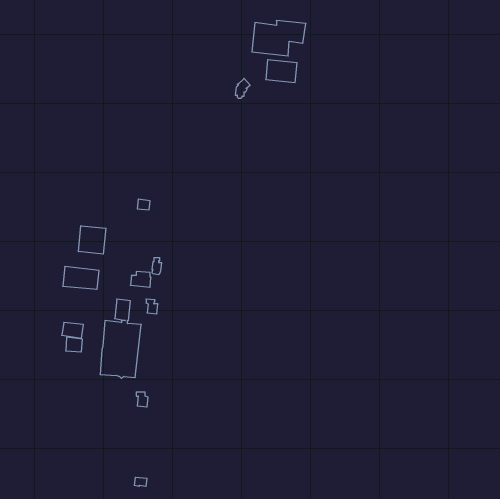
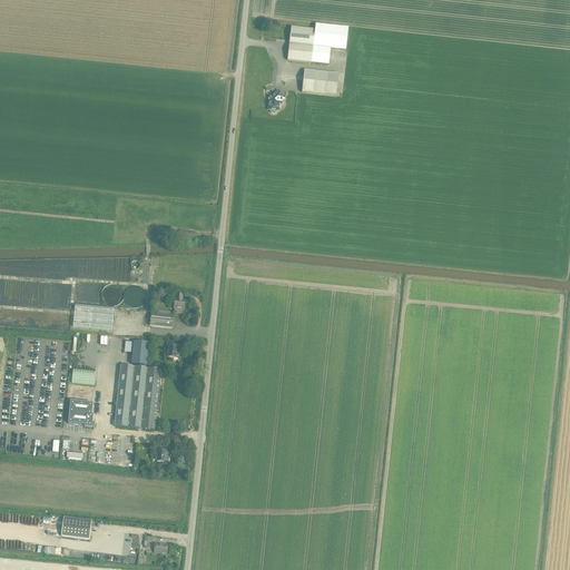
building: [78,226,106,254] -> none
building: none -> [67,400,91,424]
building: none -> [60,517,90,538]

